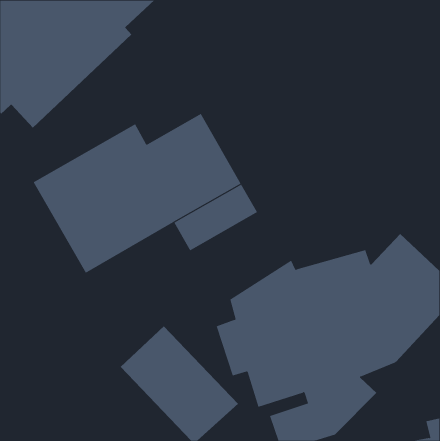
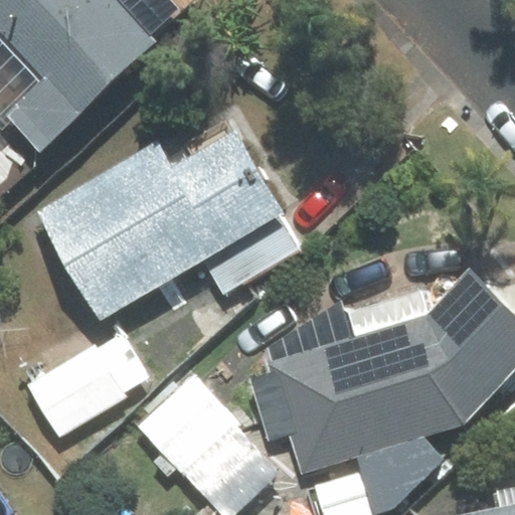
building: none -> [29,331,148,436]

